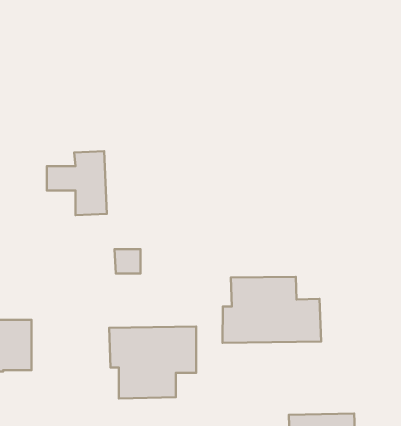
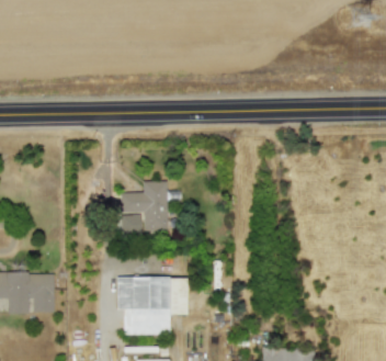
building: [47,151,107,215] -> [121,180,169,232]
building: [222,277,321,343] -> none

